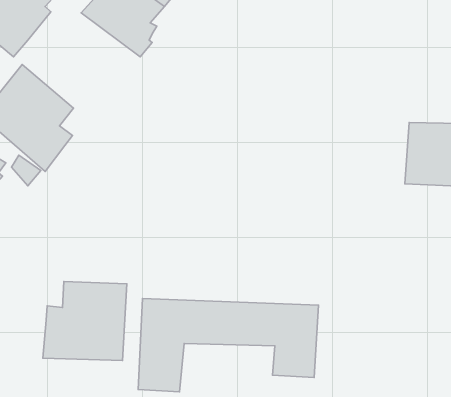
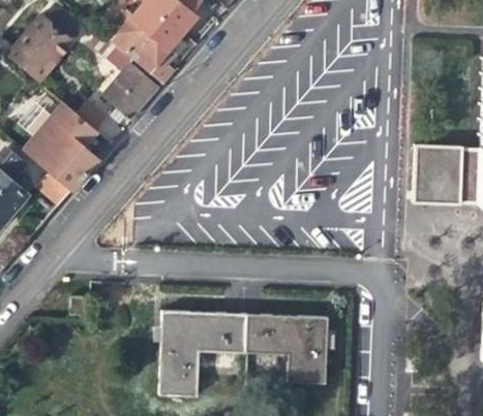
building: none -> [99,62,161,120]
building: [43,281,127,360] -> none

